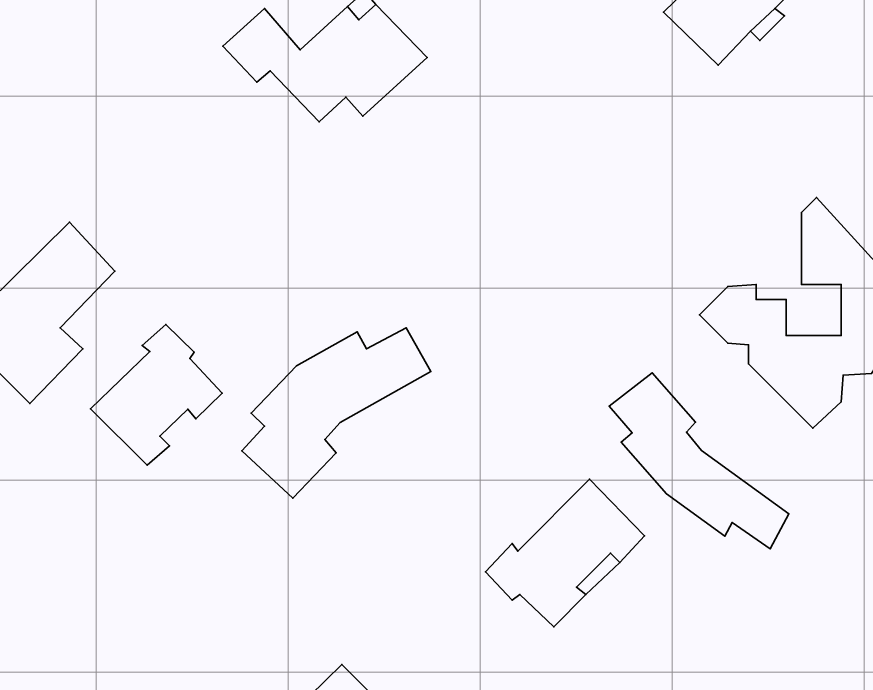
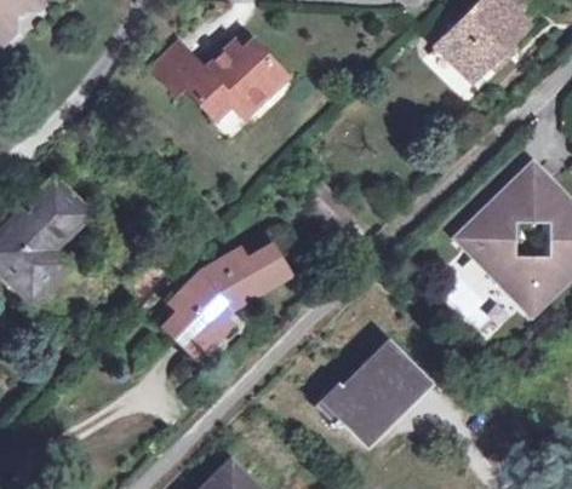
building: none -> [476,173,524,229]
building: [90,325,222,465] -> none
building: [609,373,789,549] -> none

